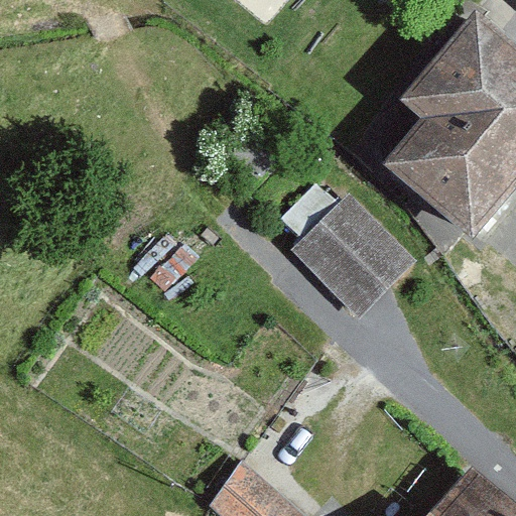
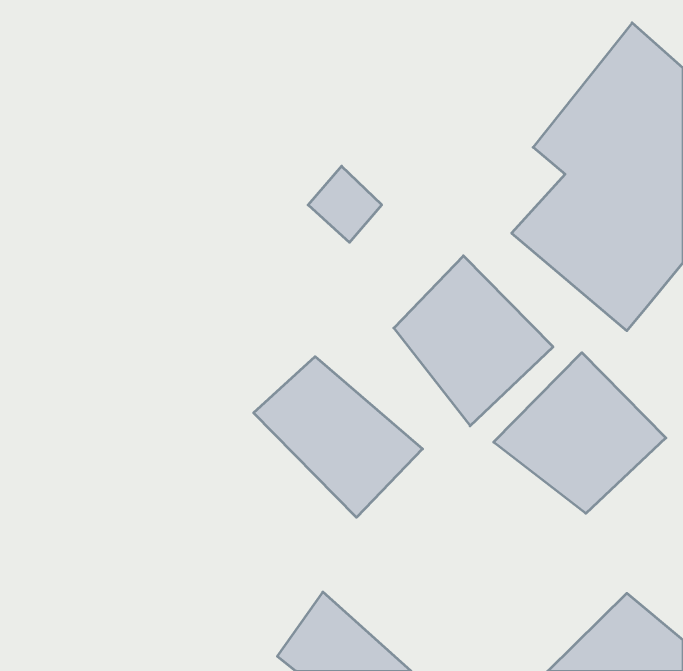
building: none -> [494,353,666,513]
building: none -> [254,357,423,517]

